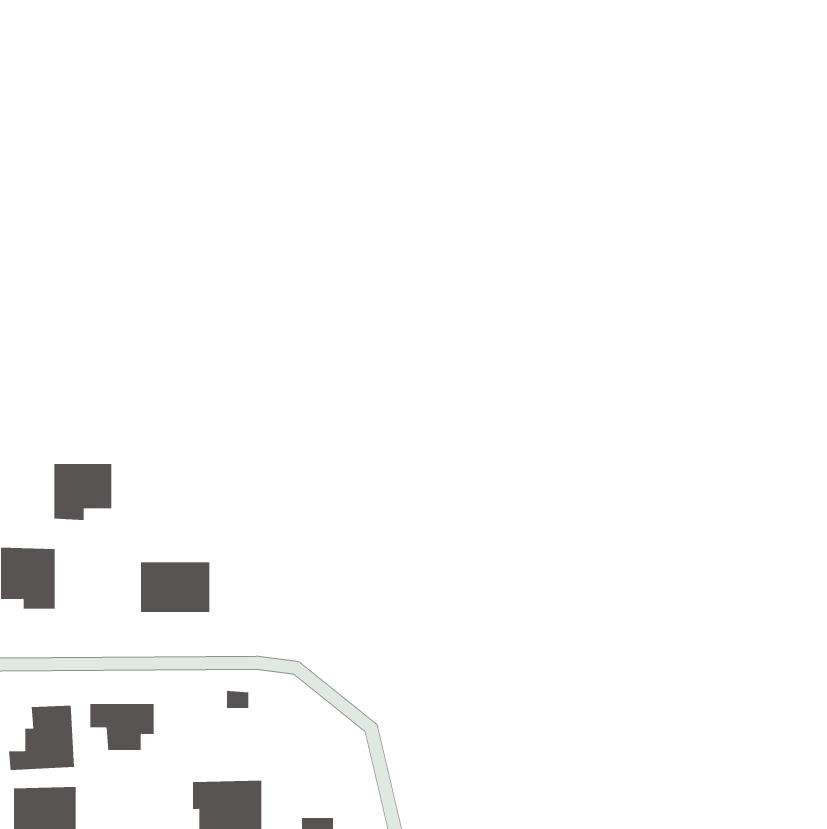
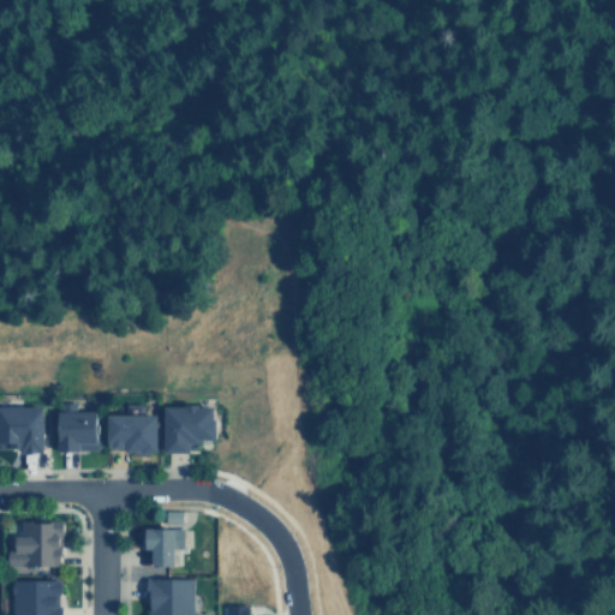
building: [54,463,112,520] -> [59,414,102,456]
building: none -> [166,407,217,454]
building: [90,703,155,751] -> [142,530,190,565]

